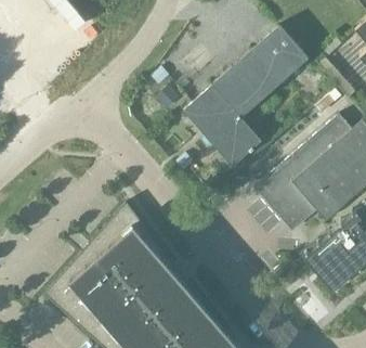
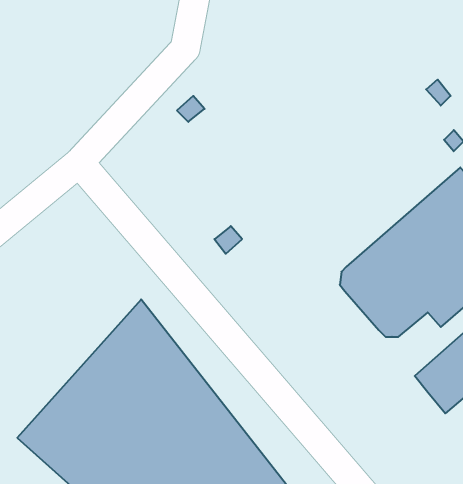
building: [185,26,310,166] -> none

